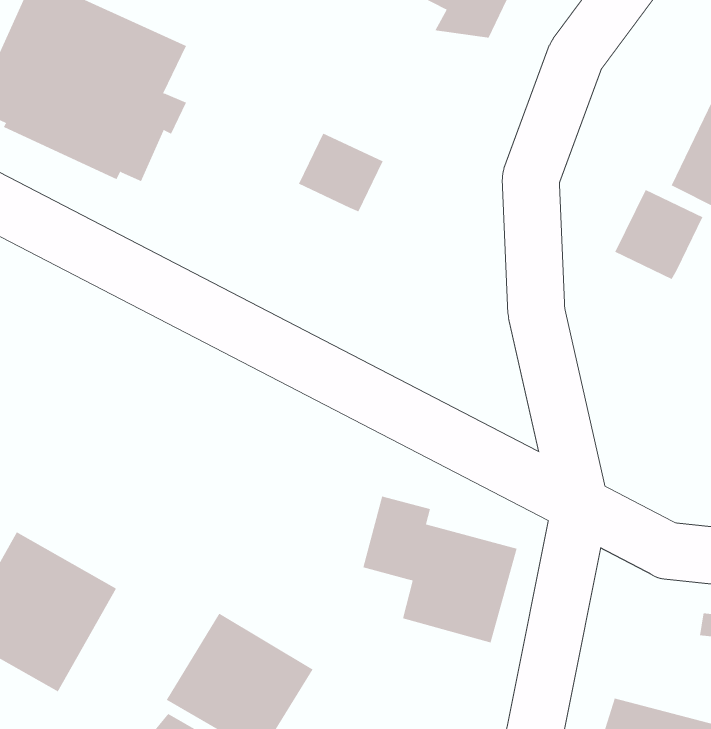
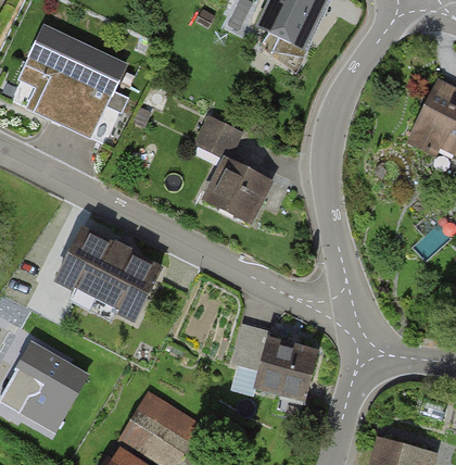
building: [614,189,703,280] -> none
building: none -> [200,155,273,225]
building: none -> [53,228,163,325]

